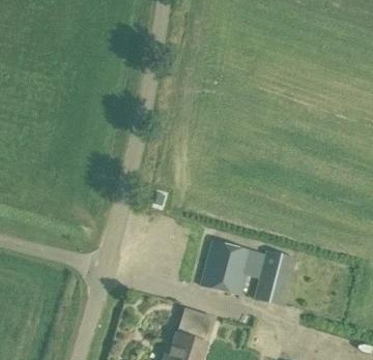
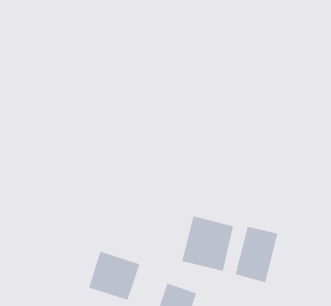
building: none -> [89,251,140,300]

